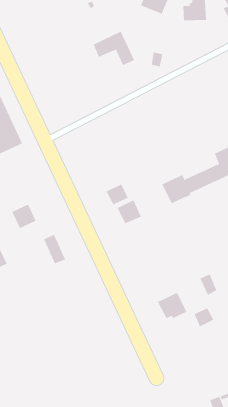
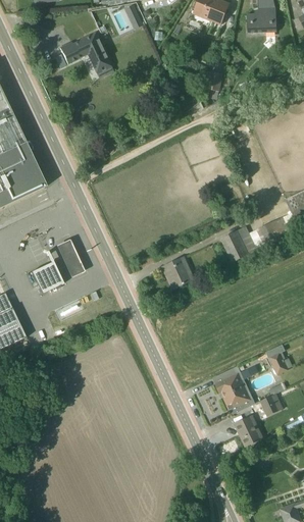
building: [93,31,135,66] -> [59,30,112,73]
building: [106,184,128,205] -> none
building: [43,234,66,264] -> [55,236,84,273]
building: none -> [234,413,264,446]

